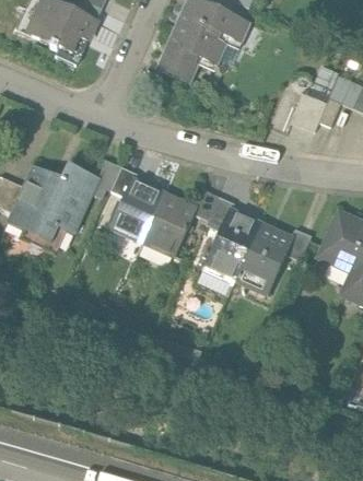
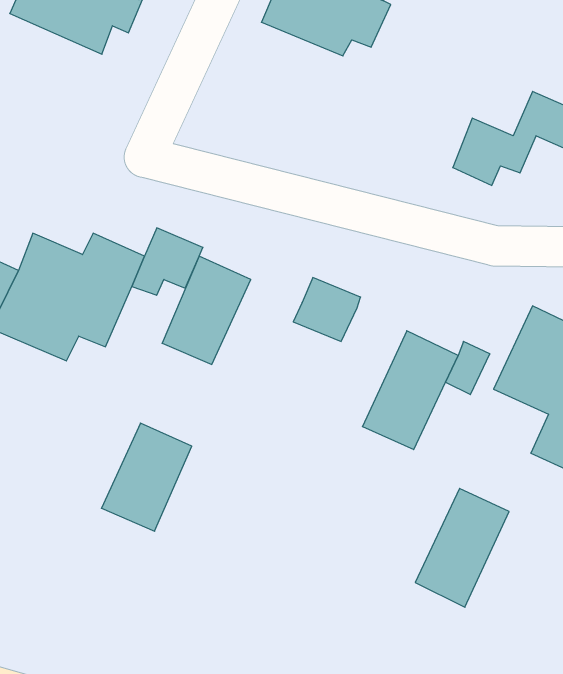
building: [156,32,222,83] -> none
building: [141,190,197,257] -> [101,423,192,531]
building: [203,208,261,281] -> [415,488,509,607]

